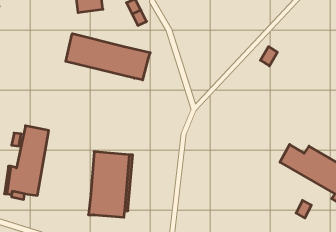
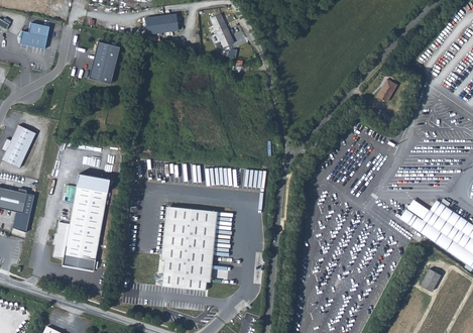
building: none -> [93,46,124,89]
building: [66,34,150,80] -> none

